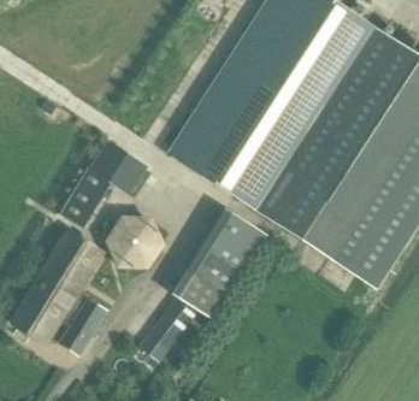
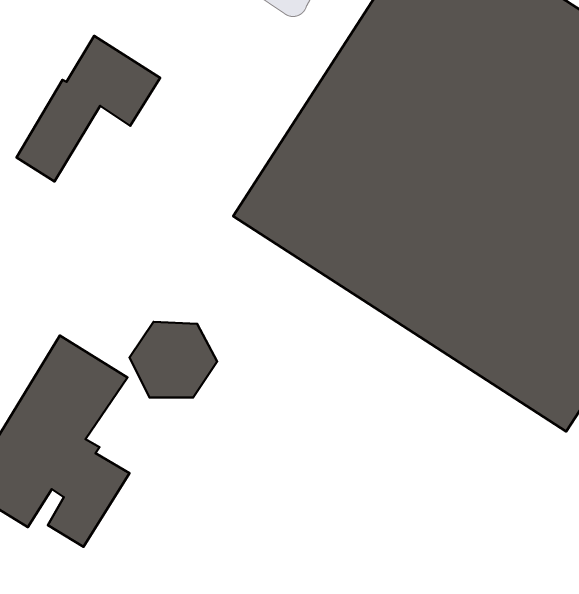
building: [60,140,147,228] -> [17,36,160,182]
building: [148,208,267,360] -> none

